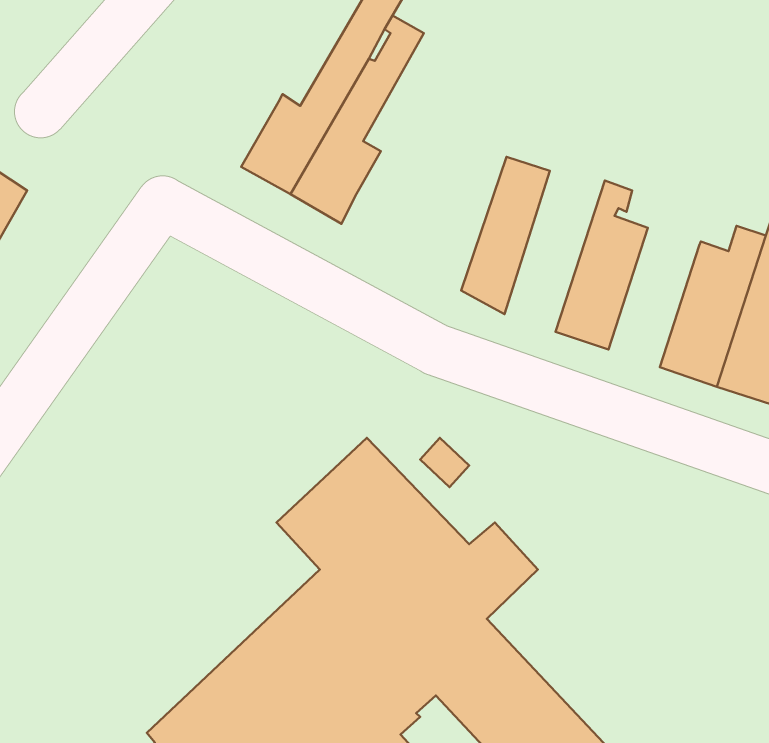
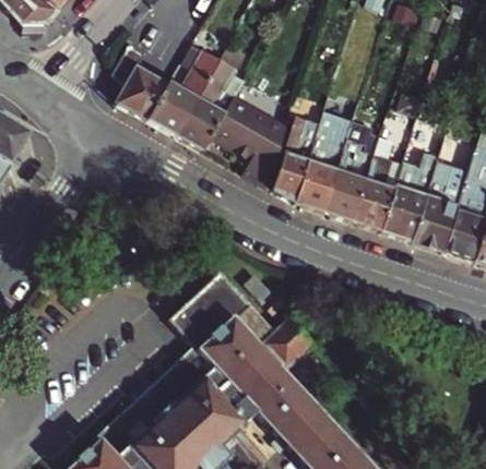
building: none -> [115,45,170,121]
building: none -> [213,95,289,189]
building: none -> [296,120,352,213]
building: none -> [354,139,404,232]

